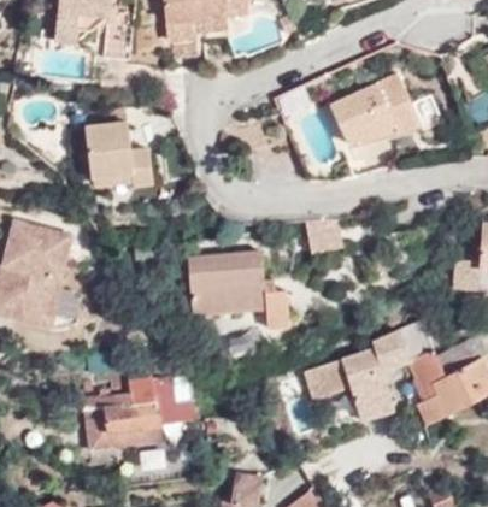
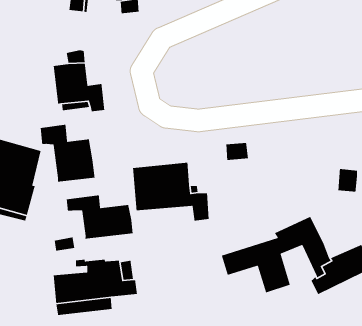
building: [331,75,419,143] -> none
building: none -> [40,124,95,183]
building: none -> [66,195,133,240]

